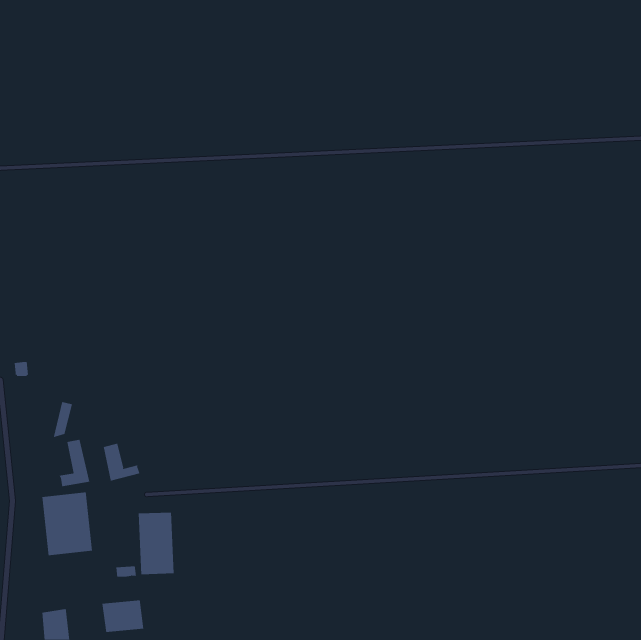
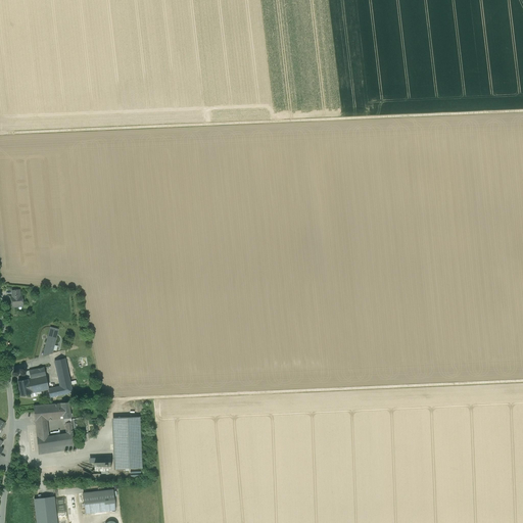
building: [103,443,140,482] -> none
building: none -> [17,366,49,395]

